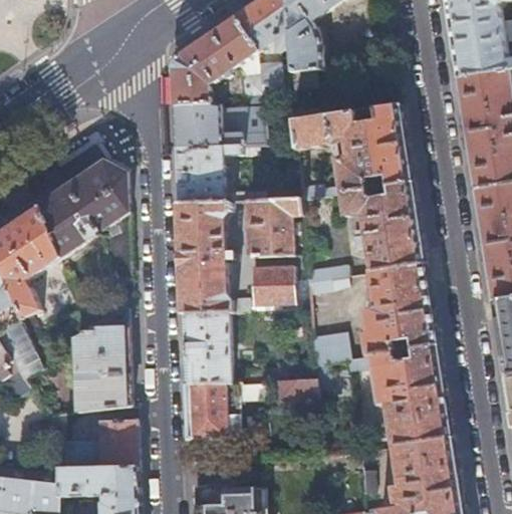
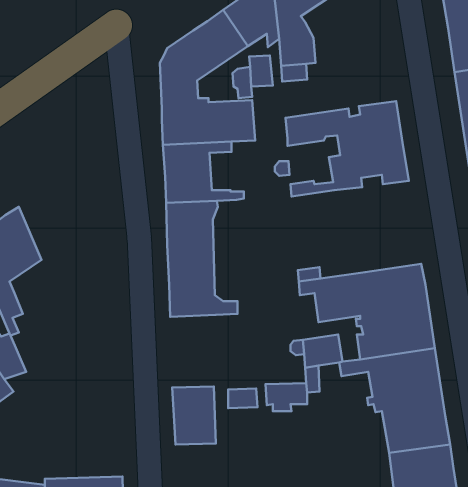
building: [34,147,127,278] -> none
building: [339,183,424,271] -> none
building: [245,198,299,257] -> none
building: [249,264,295,305] -> none
building: [181,312,229,382] -> none
building: [72,328,127,414] -> none
building: [59,420,135,471] -> none

